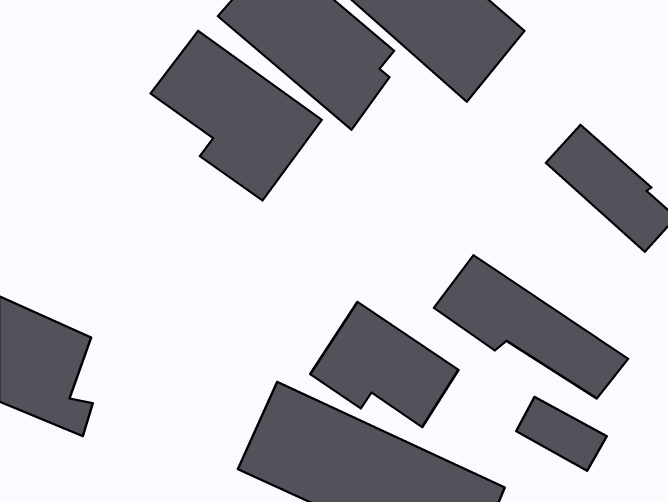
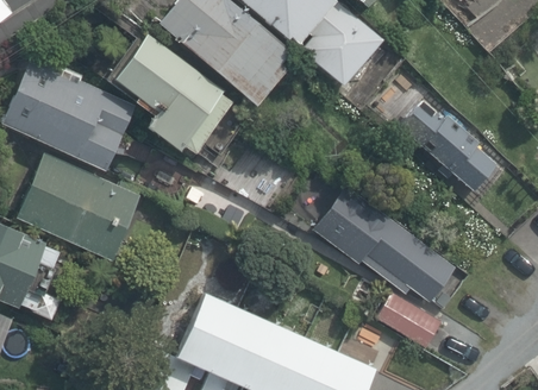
building: none -> [10,55,138,174]
building: none -> [21,158,148,265]
building: [310,302,459,427] -> none

